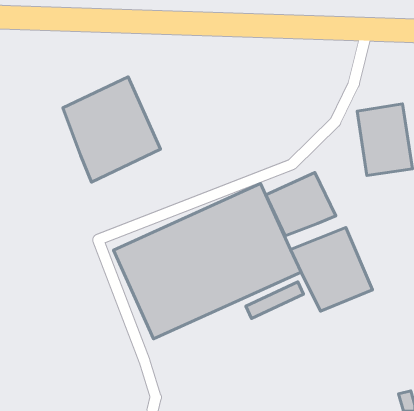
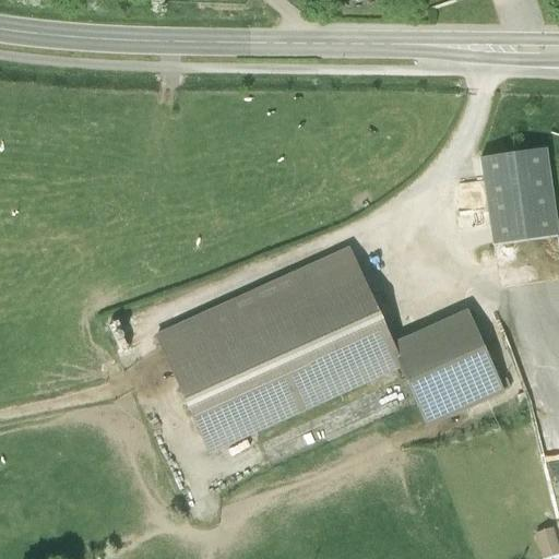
building: [63,77,161,182] -> none
building: [266,172,336,236] -> none

